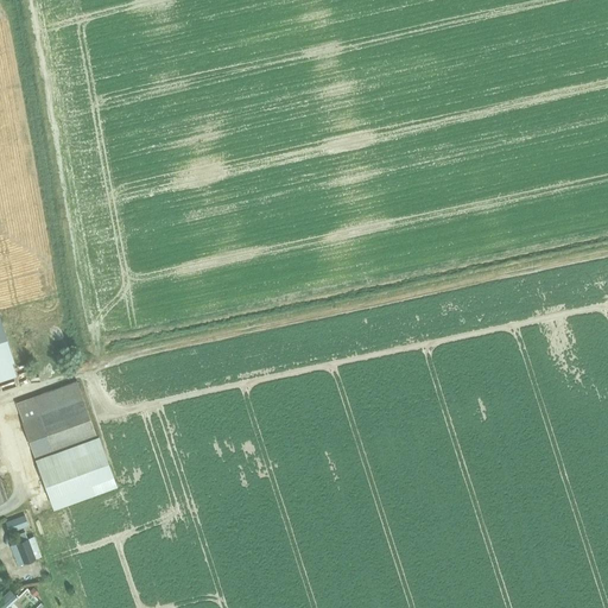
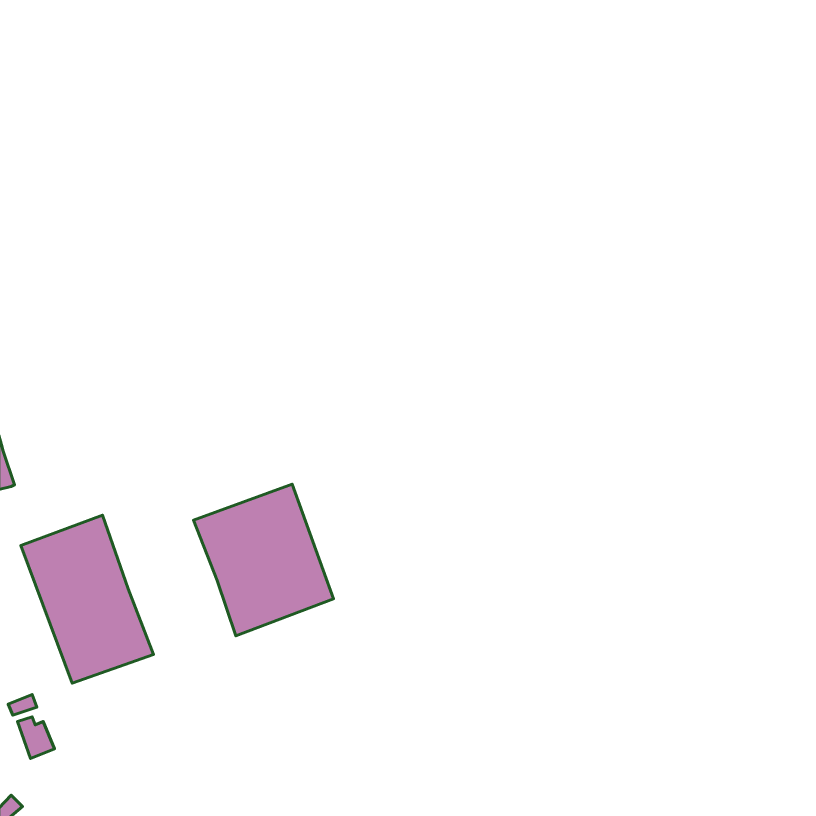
building: none -> [193,484,334,636]

